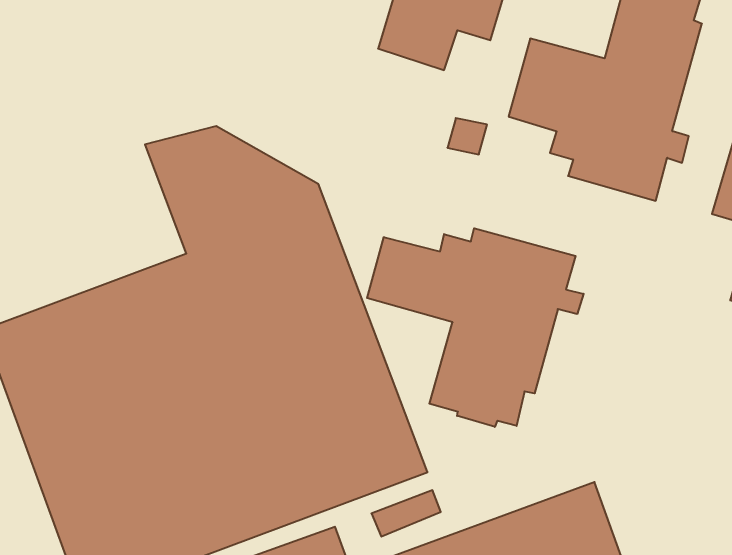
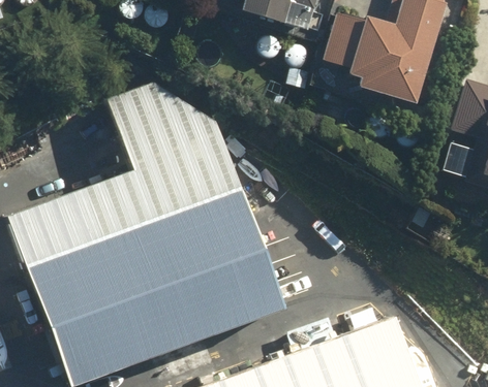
building: [367,228,584,427] -> none

